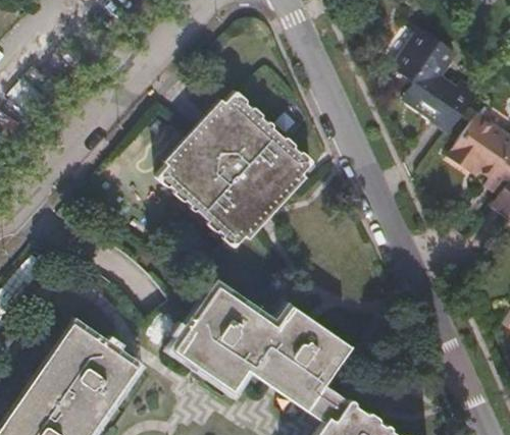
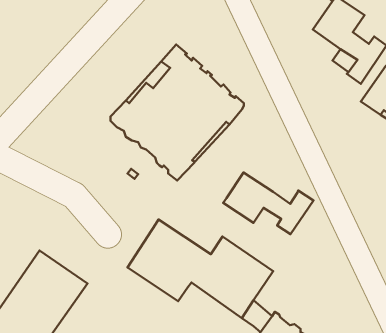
building: none -> [223,173,313,234]

